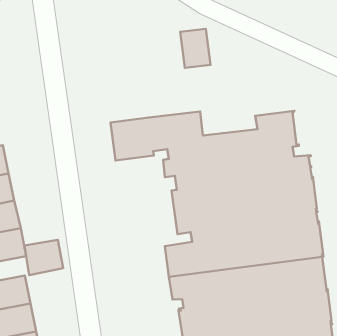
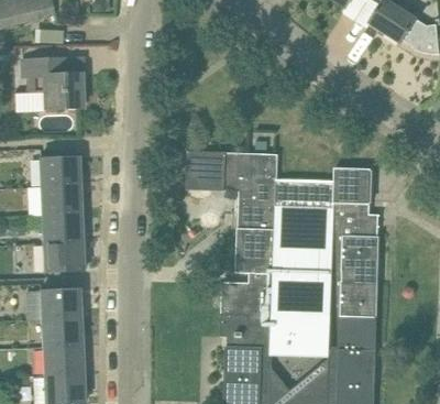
building: [180,29,210,68] -> none
building: [25,240,63,275] -> none

